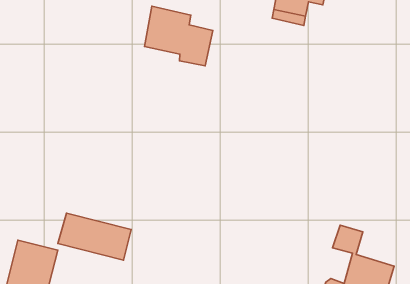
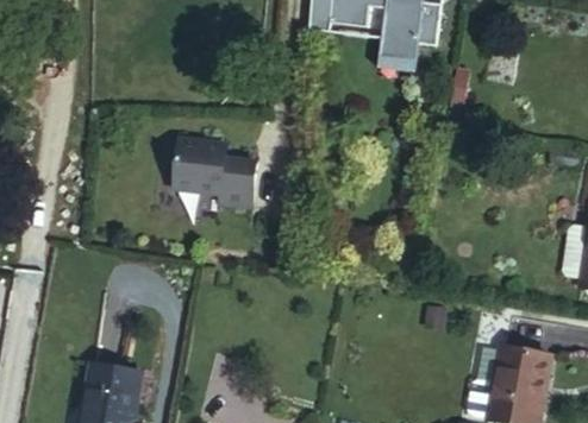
building: [145,6,213,66] -> [175,141,257,209]
building: [58,213,131,260] -> none

